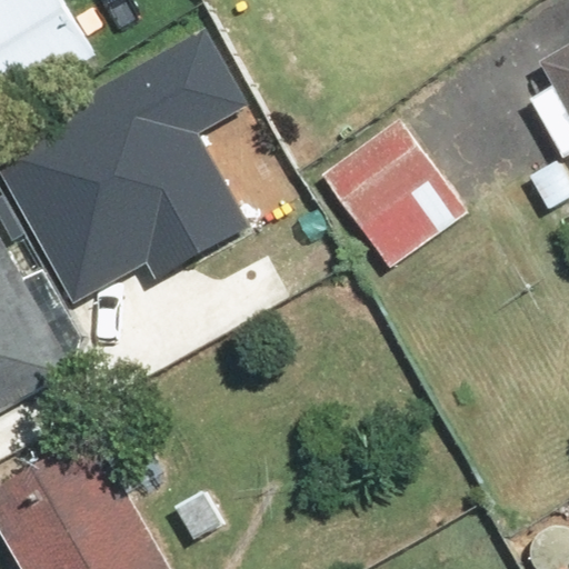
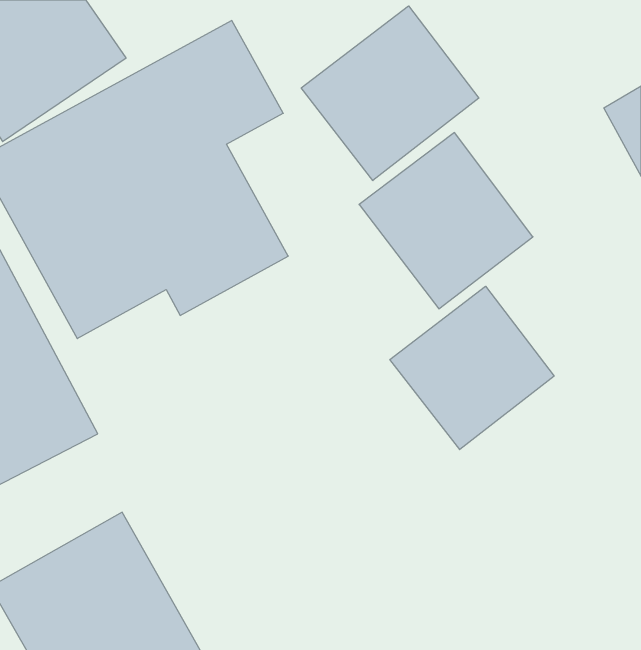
building: none -> [301,6,479,181]
building: none -> [390,286,554,450]

